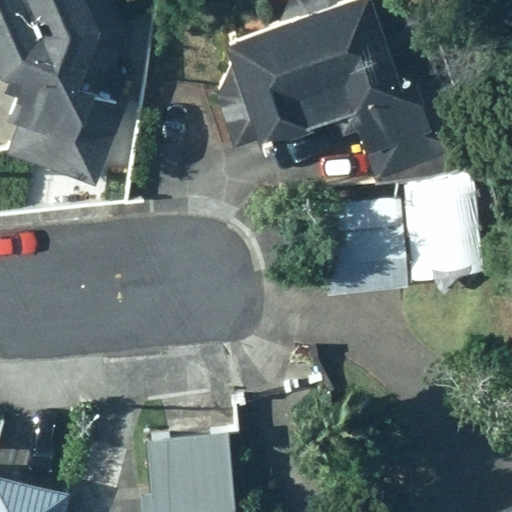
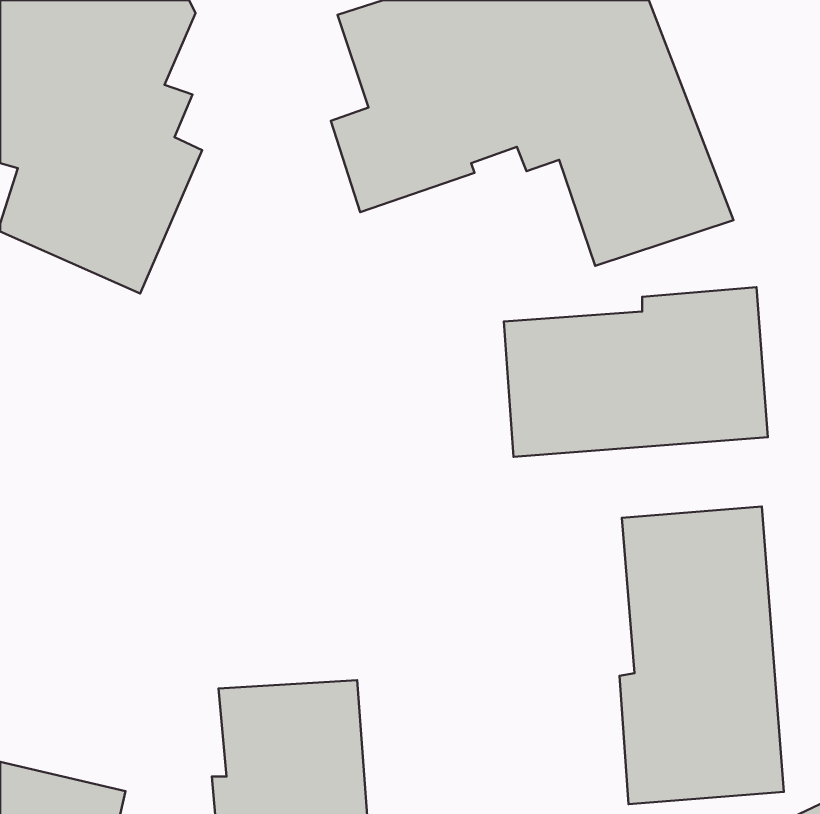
building: none -> [620,506,784,804]

